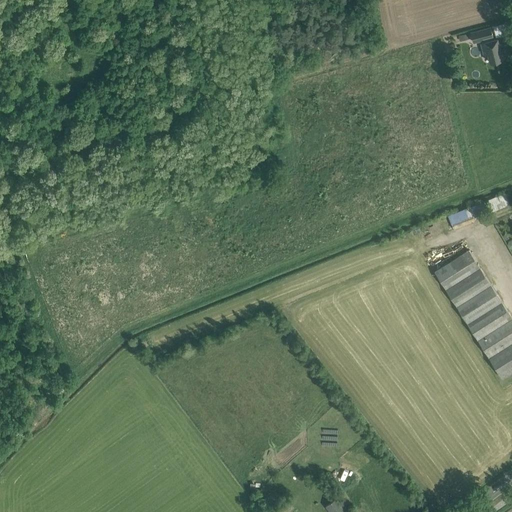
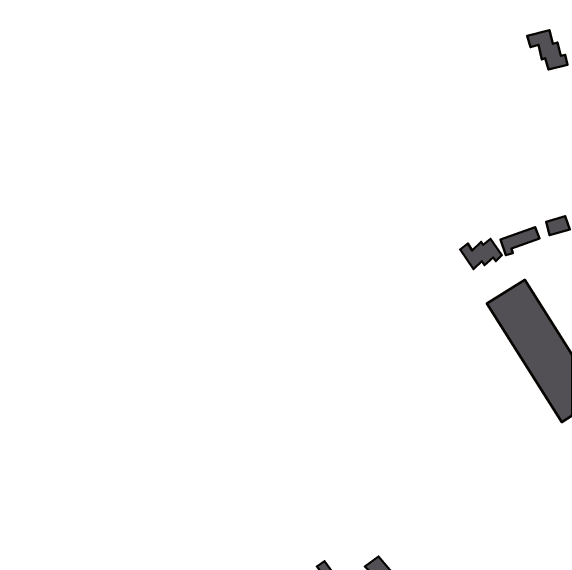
building: none -> [460,239,502,269]

